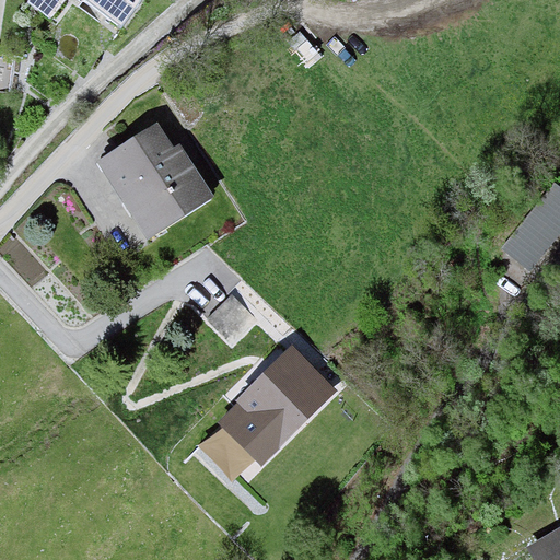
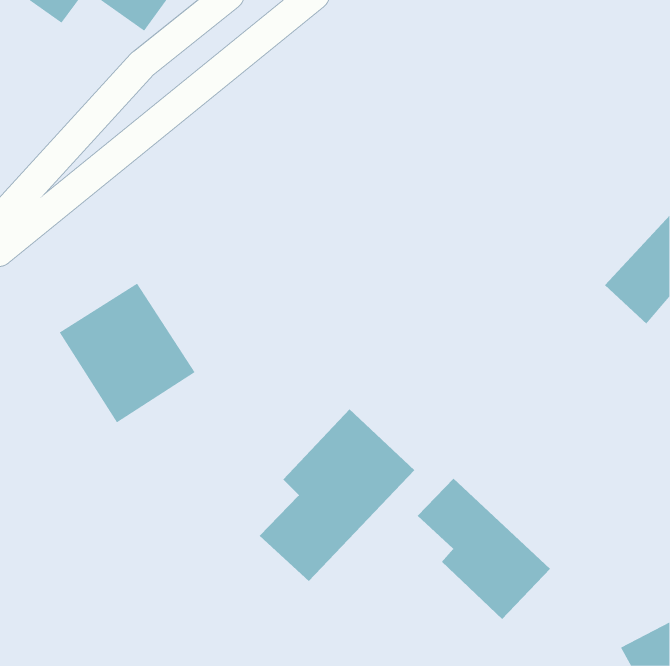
building: [95,119,209,236] -> [59,283,195,423]
building: none -> [417,478,551,620]

